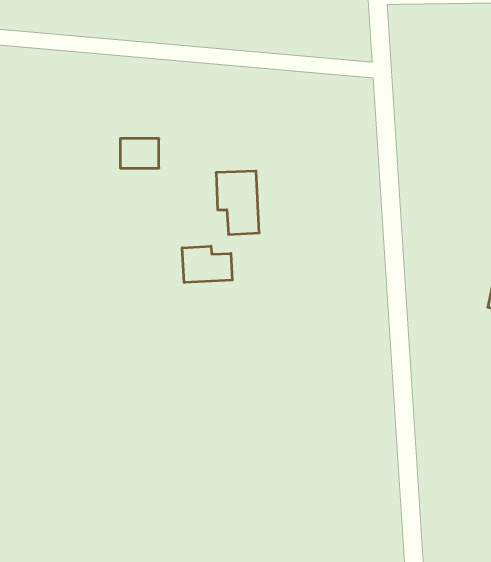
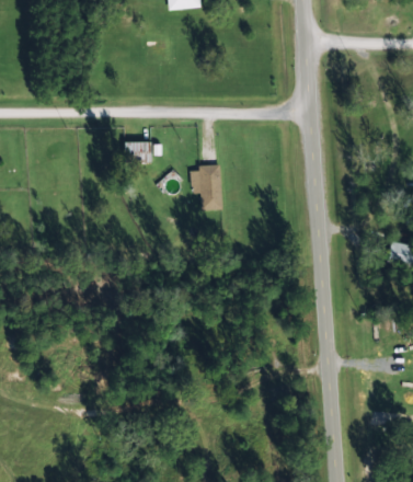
building: [182,246,232,283] -> none

